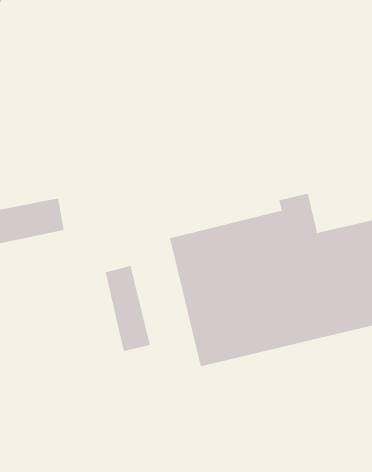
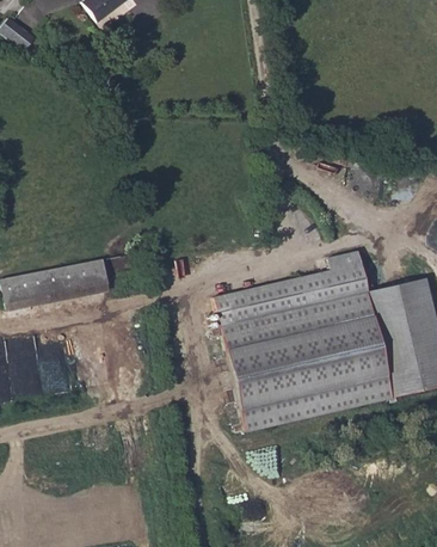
building: [105,265,150,352] -> none

